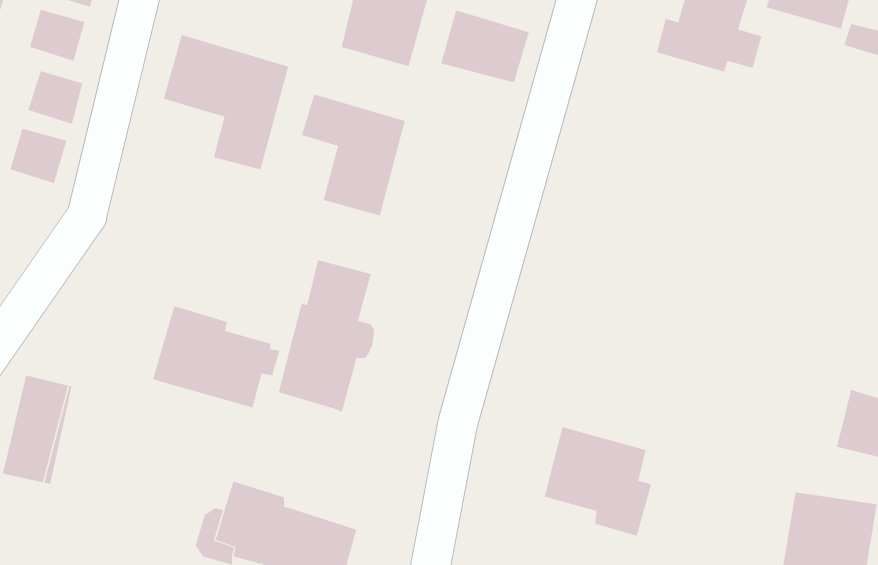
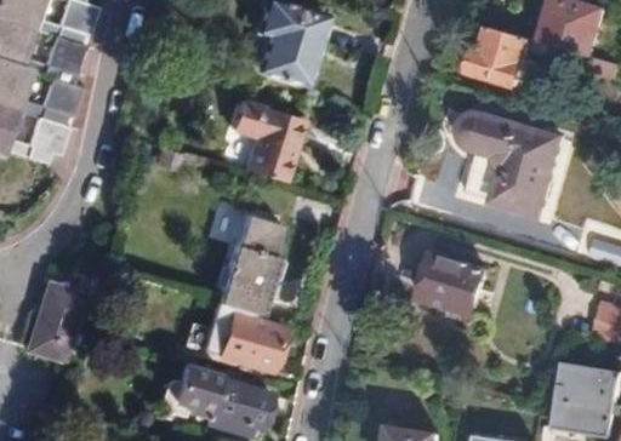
building: [441,10,530,83] -> none
building: [163,34,289,170] -> none
building: none -> [460,118,558,216]
building: [152,306,280,408] -> [201,300,287,370]
building: [544,427,652,536] -> [417,252,490,326]

